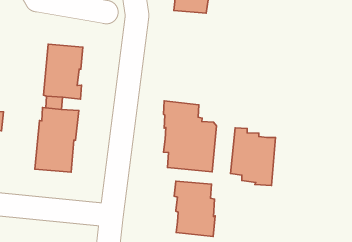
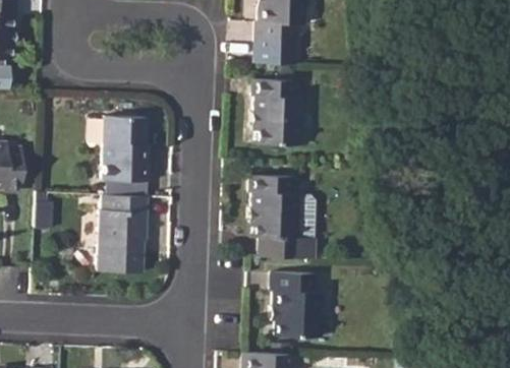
building: none -> [253,80,304,147]
building: [231,128,276,186] -> none

